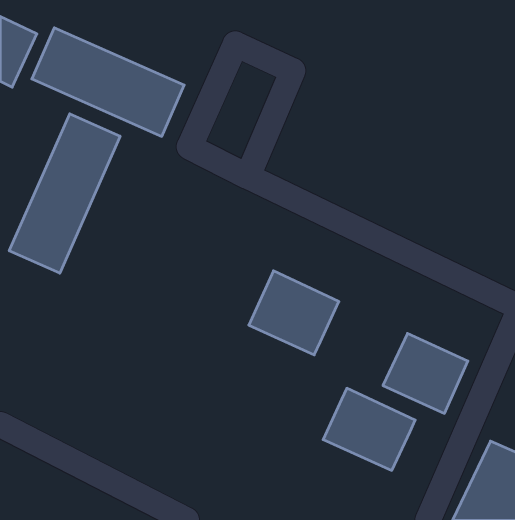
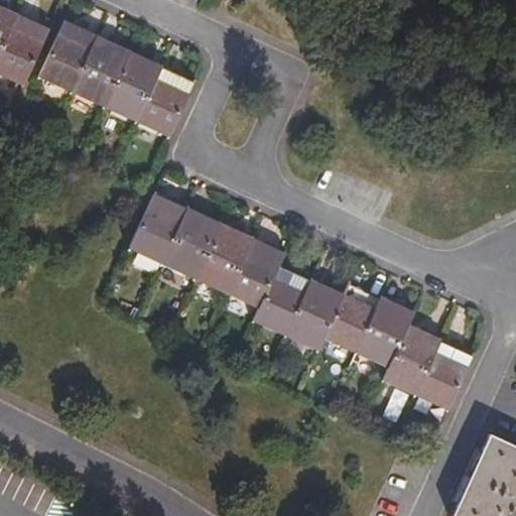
building: [9,114,120,273] -> none
building: none -> [132,199,281,306]
building: [323,388,415,470] -> [324,285,414,366]

